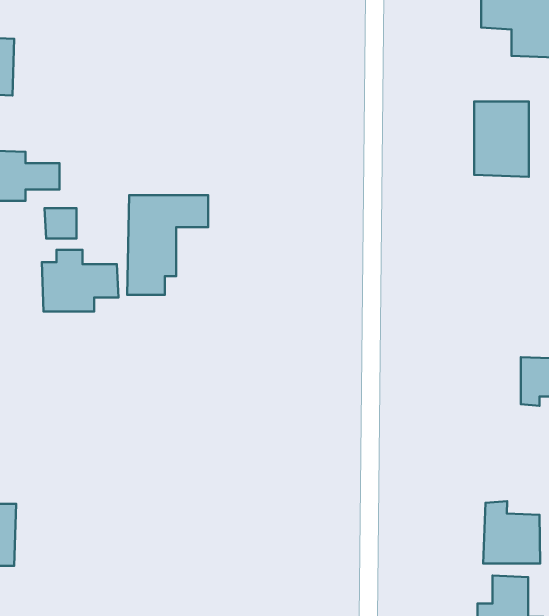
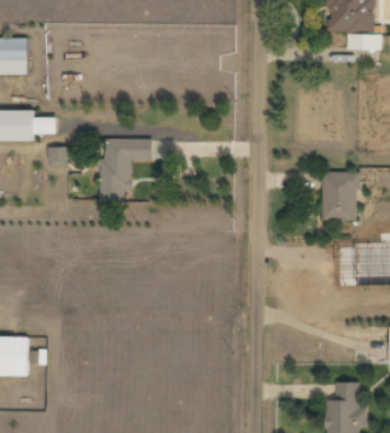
building: [474,101,529,177] -> [321,172,356,221]
building: [42,250,118,312] -> none
building: [483,501,540,563] -> none

